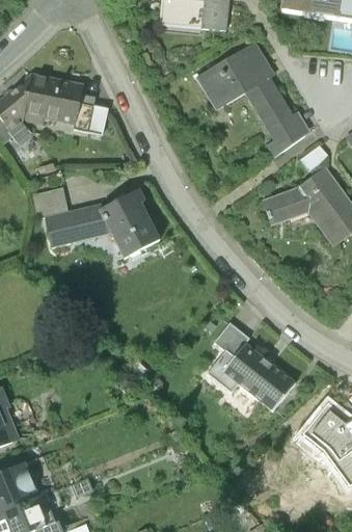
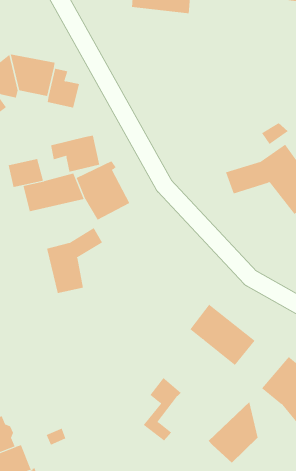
building: [195,45,308,157] -> none
building: none -> [50,135,100,173]
building: none -> [46,227,103,294]
building: [207,321,248,390] -> [143,377,182,441]
building: none -> [208,401,258,464]

